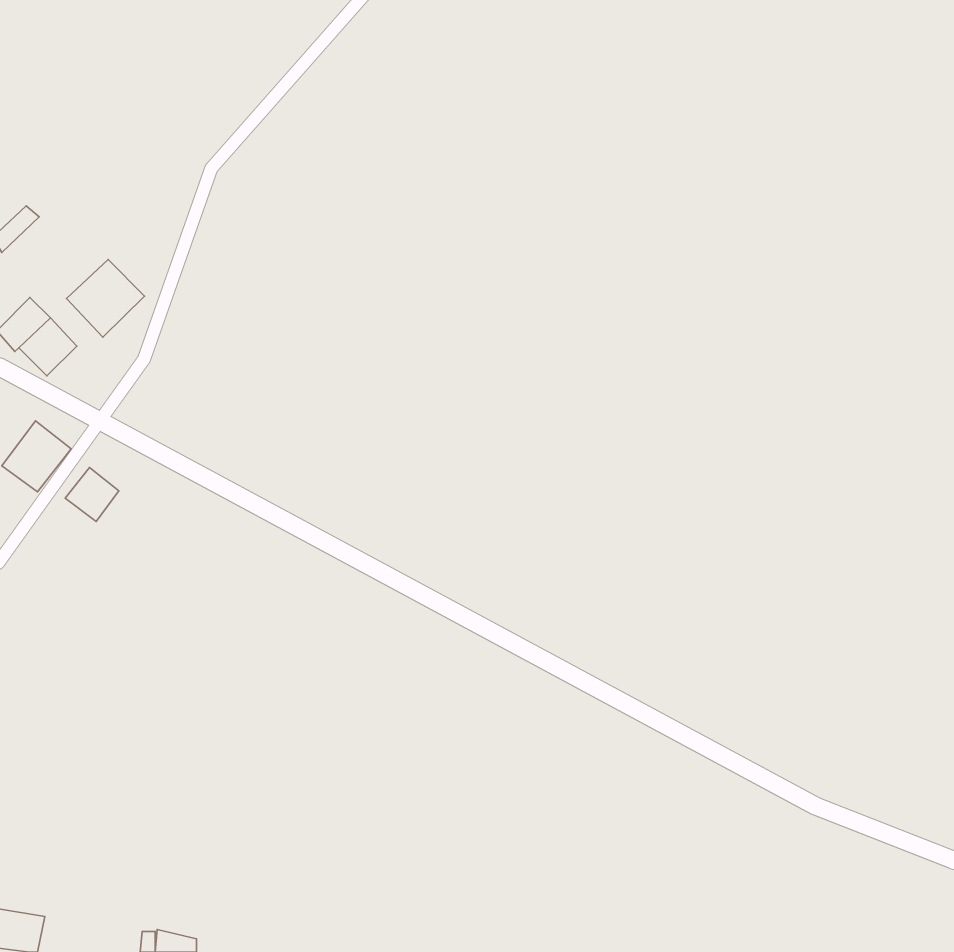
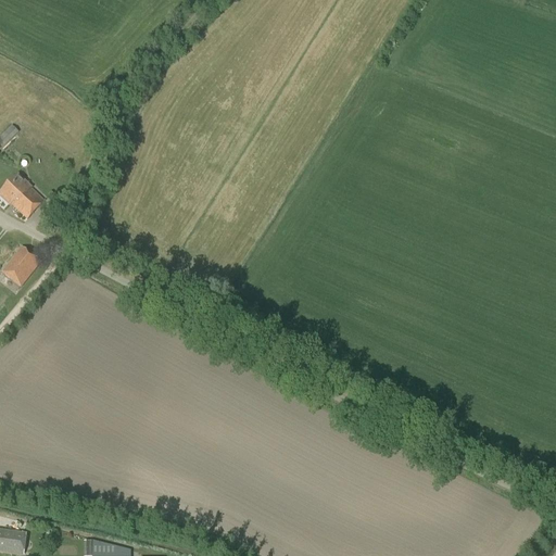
building: [66,260,145,337] -> none
building: [65,467,119,521] -> none

